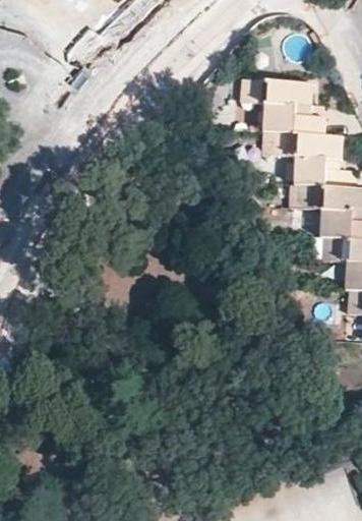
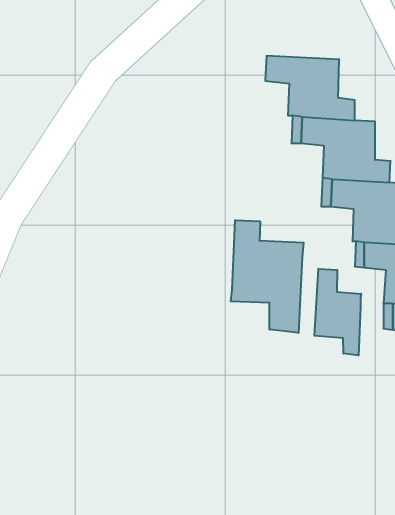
building: none -> [231,220,304,333]
building: none -> [314,269,361,355]

